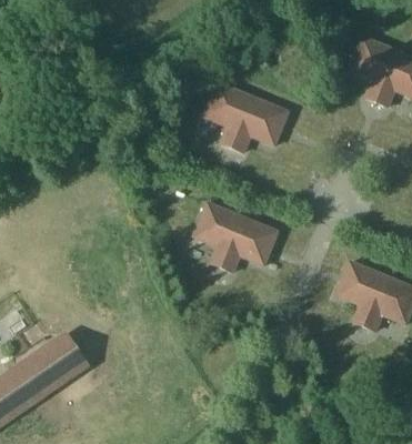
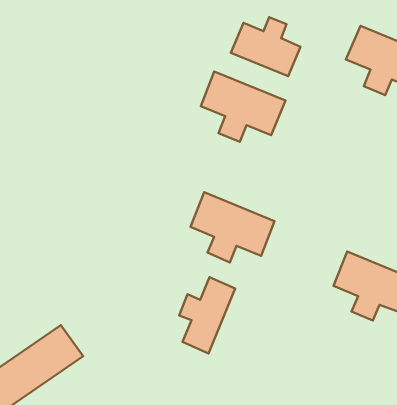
building: none -> [231,17,300,76]
building: none -> [179,277,235,353]

